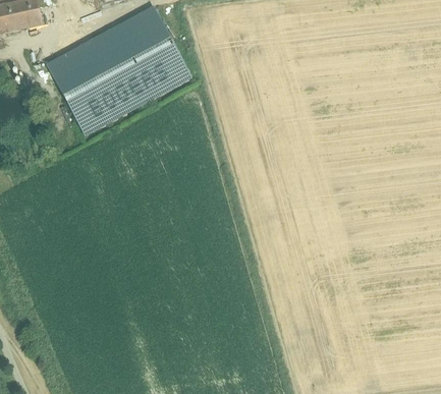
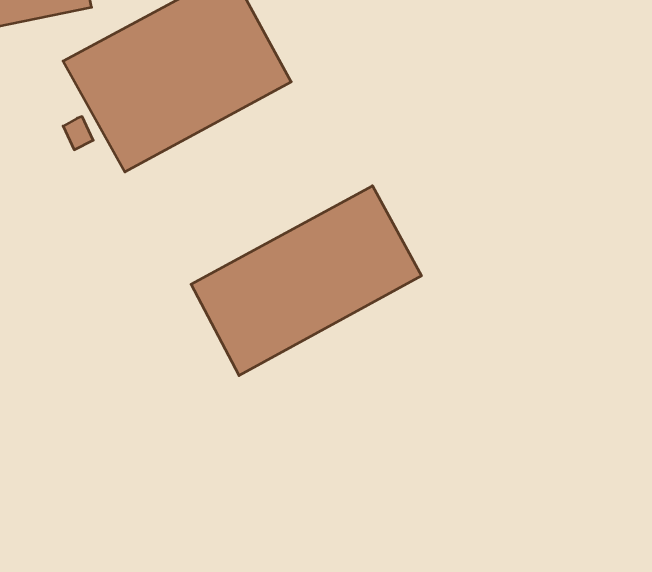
building: none -> [191,186,421,376]

